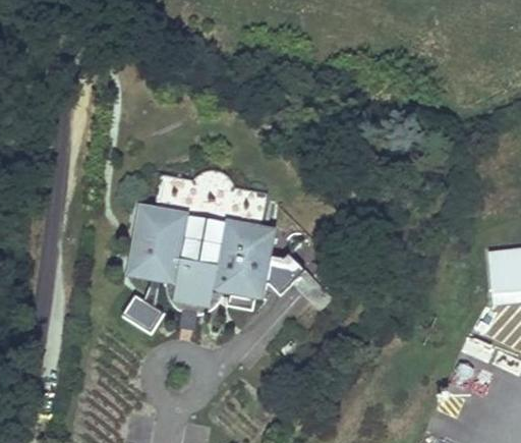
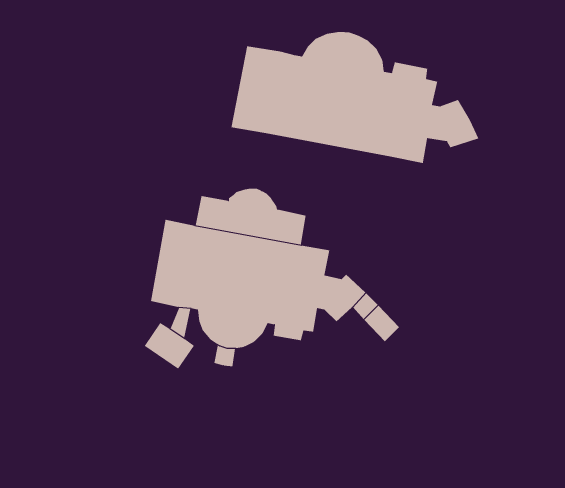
building: none -> [231,31,479,164]

